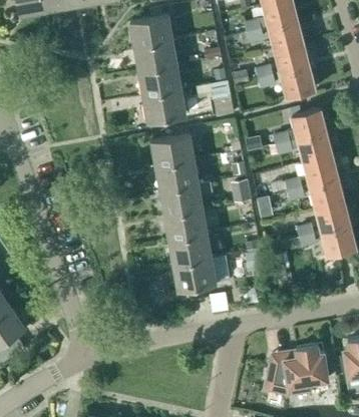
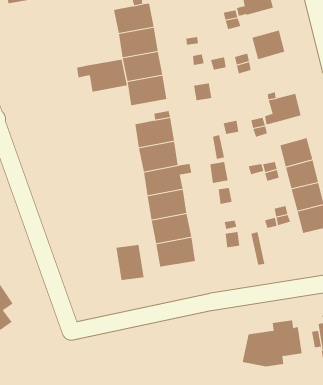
building: [268,19,303,50] -> none
building: [280,65,315,96] -> none
building: none -> [76,59,127,92]
building: [297,131,332,162] -> none
building: none -> [116,244,144,281]

